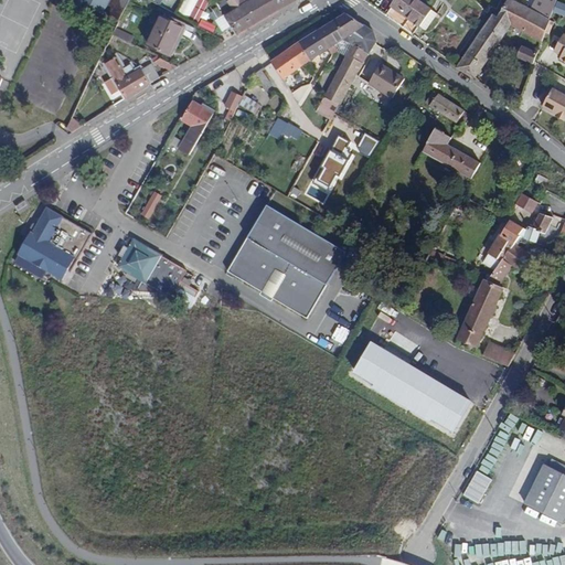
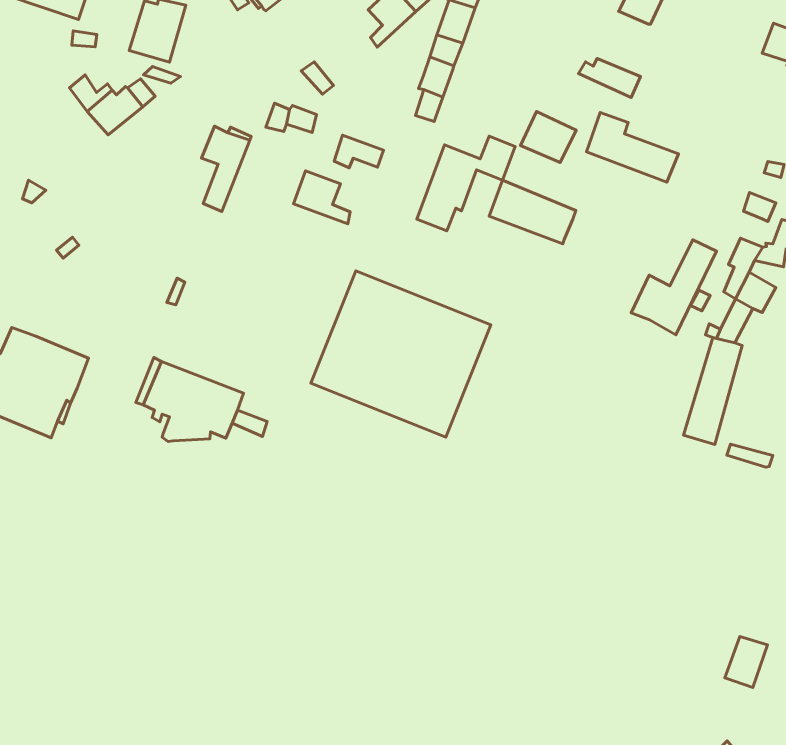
building: [271,42,307,78] -> none
building: [366,63,403,97] -> [520,111,576,162]
building: none -> [293,171,350,224]
building: none -> [489,180,576,244]
building: none -> [631,240,717,335]
building: [352,343,469,435] -> none

